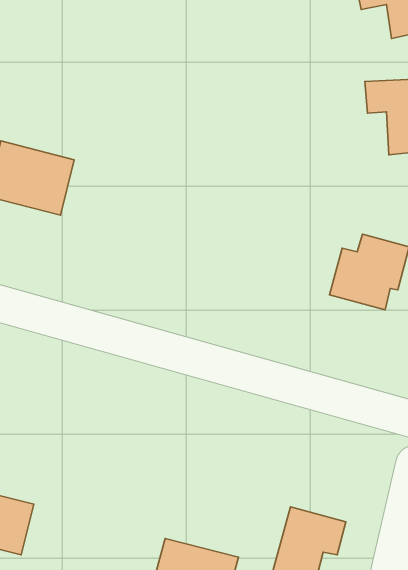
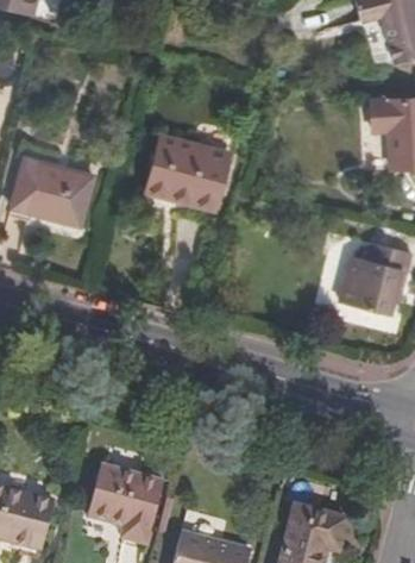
building: none -> [144,132,231,207]
building: none -> [86,463,163,542]

